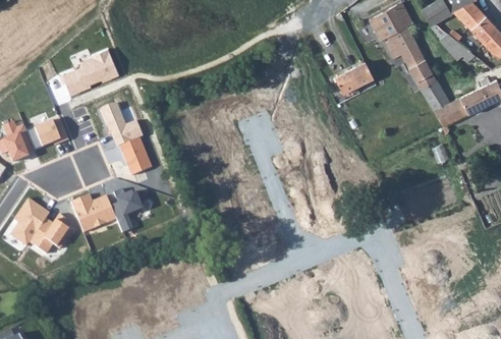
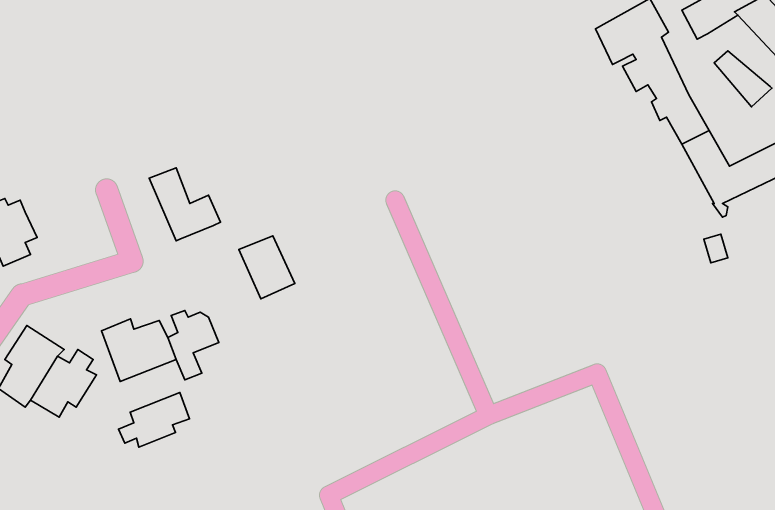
building: [62,48,118,95] -> none
building: [334,62,373,94] -> none
building: [26,115,68,151] -> none
building: [119,138,153,176] -> [239,236,295,299]
building: none -> [119,393,189,447]

